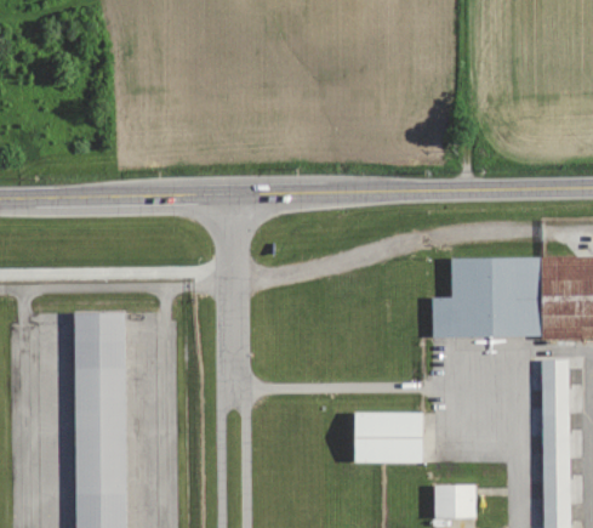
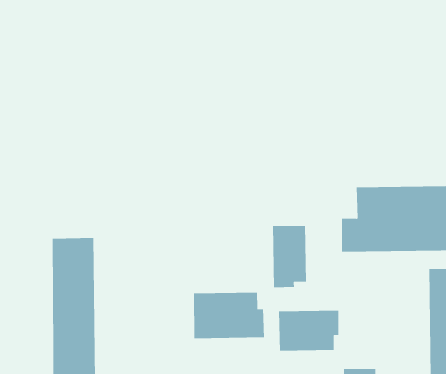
building: none -> [272,225,306,288]
building: none -> [193,292,264,339]

